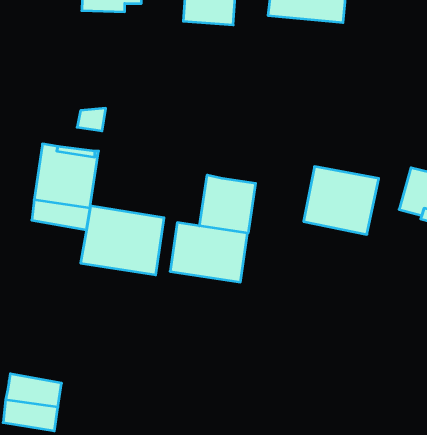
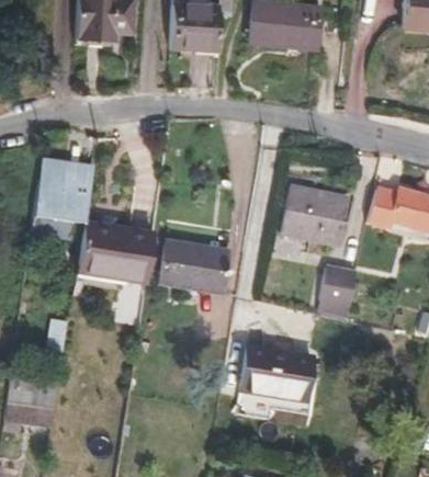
building: [199,175,256,233] -> none
building: none -> [319,268,357,307]
building: none -> [240,343,314,414]

